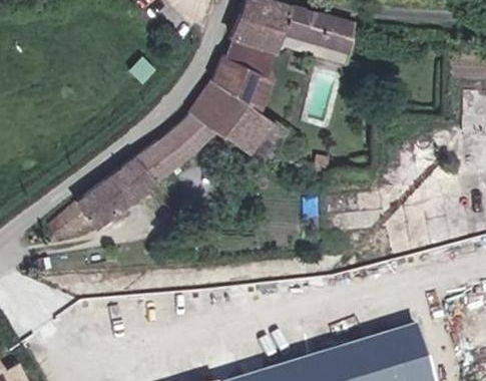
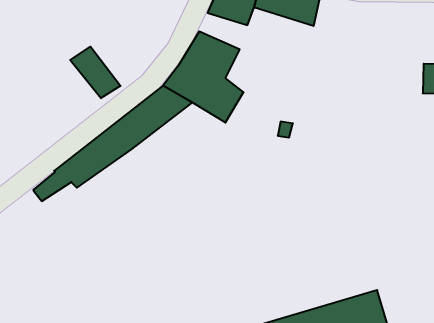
building: [225,38,277,77] -> none
building: none -> [70,47,121,98]

